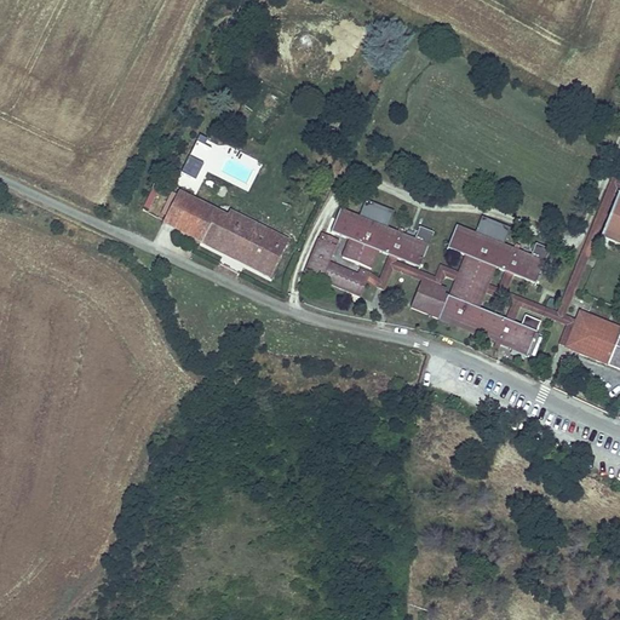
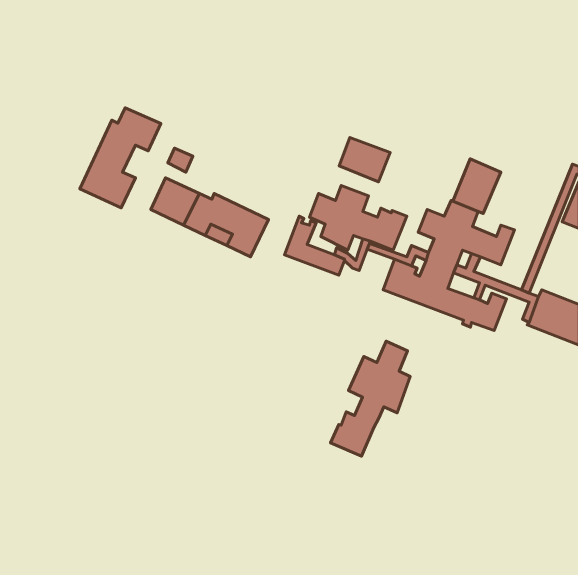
building: none -> [80,108,161,208]
building: none -> [339,137,390,182]
building: none -> [453,159,501,213]
building: none -> [331,341,410,456]

